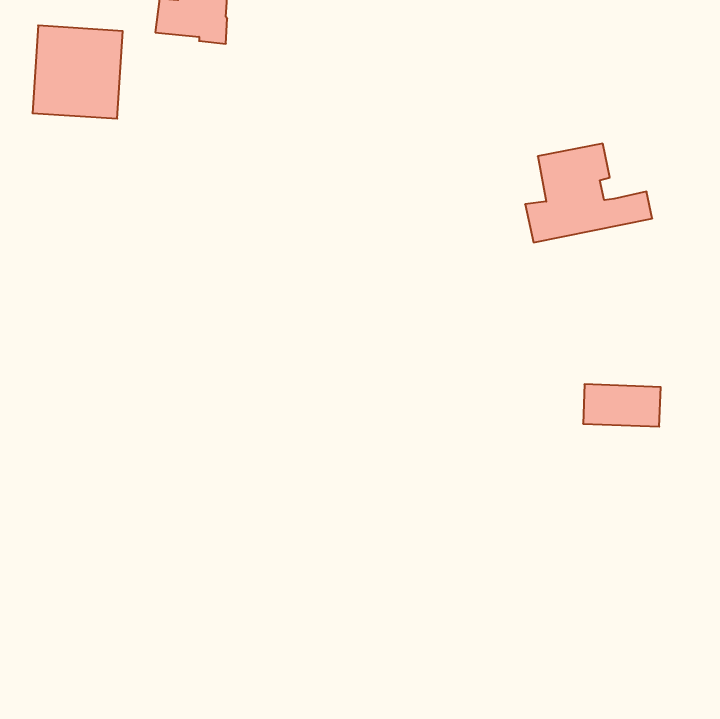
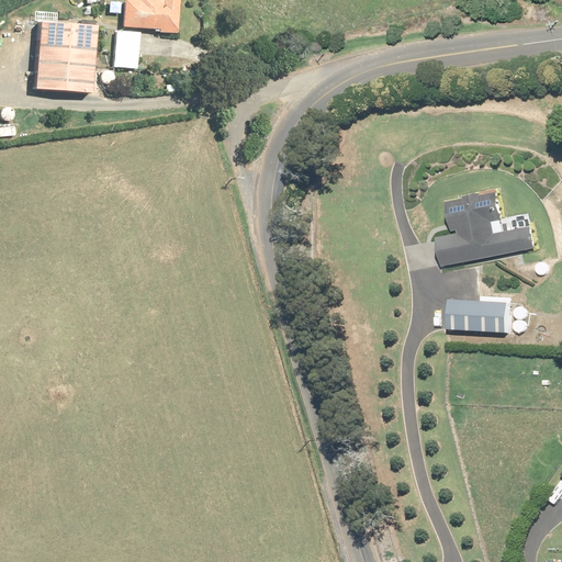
building: none -> [113,31,139,67]
building: [525,144,652,242] -> [439,189,538,266]

